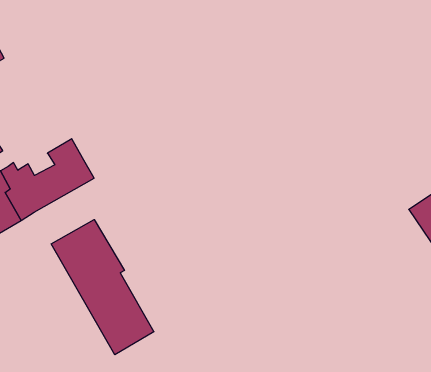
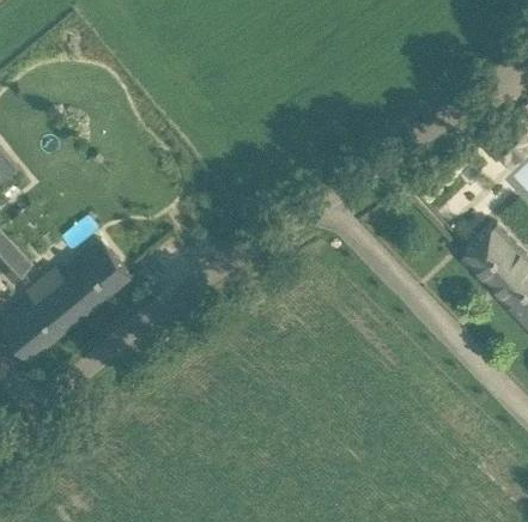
building: [51,220,154,355] -> none

